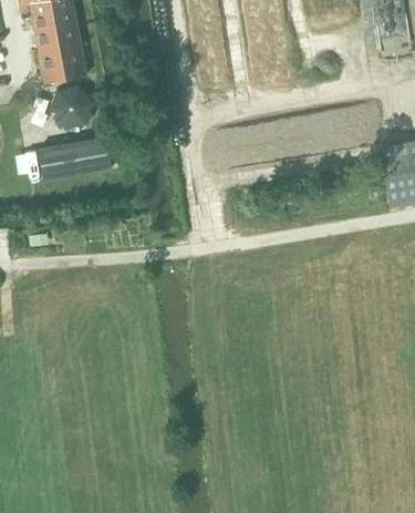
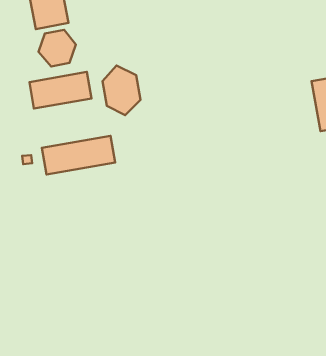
building: none -> [102,66,140,115]
building: none -> [42,136,115,174]

